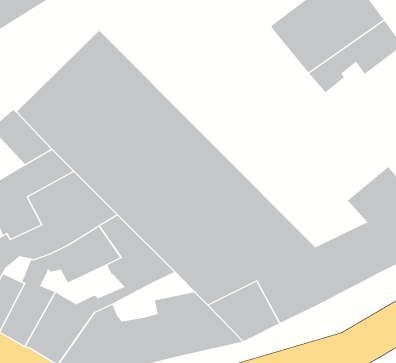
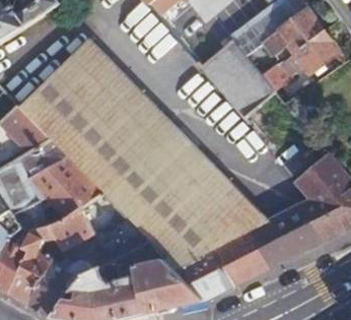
building: none -> [200,39,277,119]

